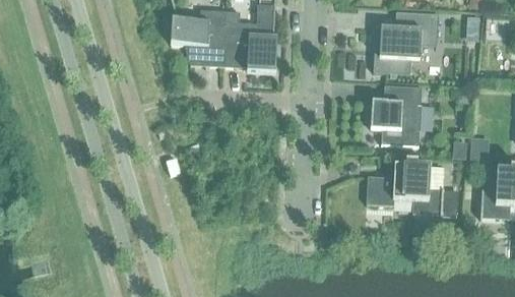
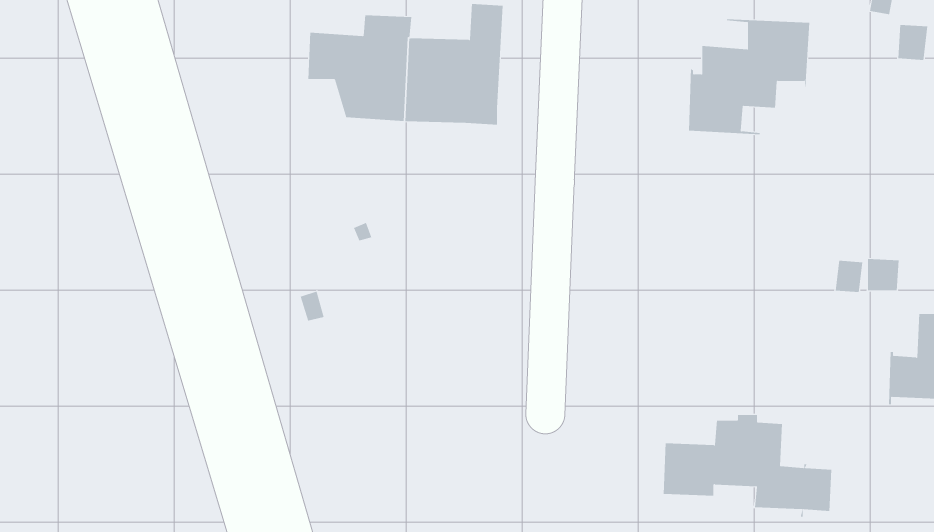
building: [372,86,422,146] -> none
building: [367,162,457,217] -> [663,414,832,517]

